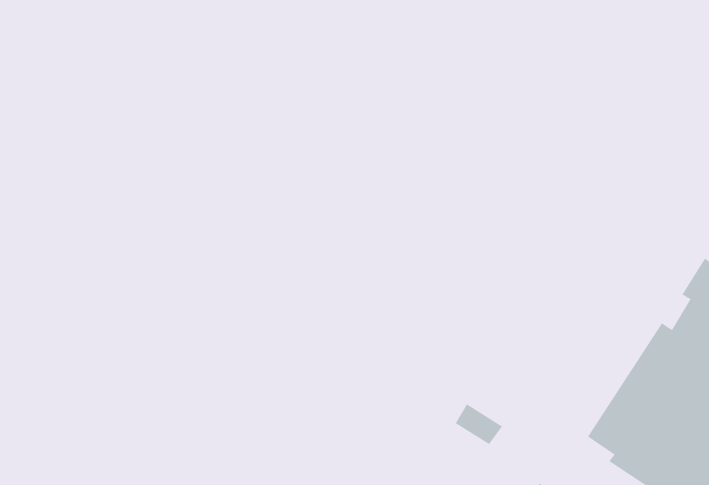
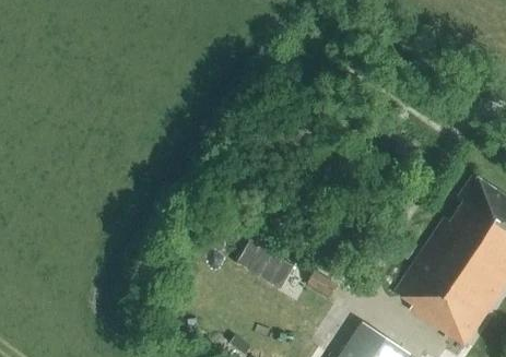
building: none -> [236,240,294,289]

